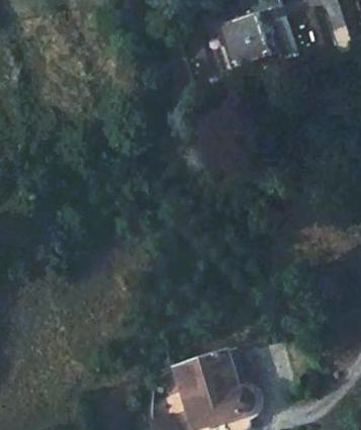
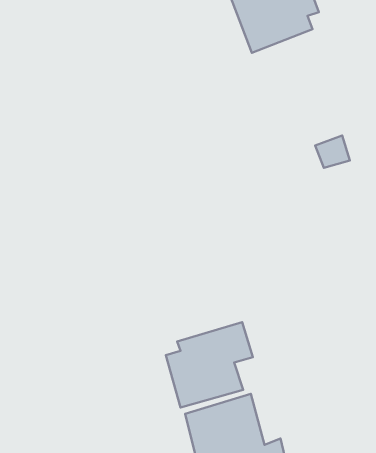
building: none -> [166,322,253,407]

